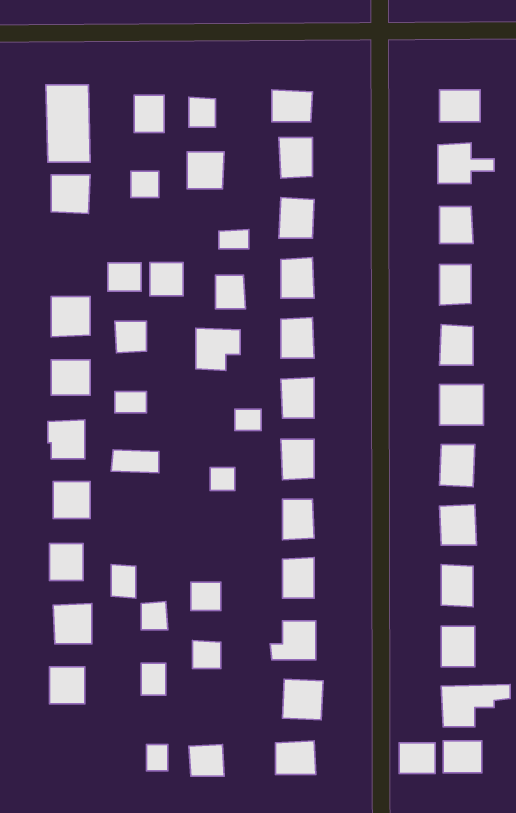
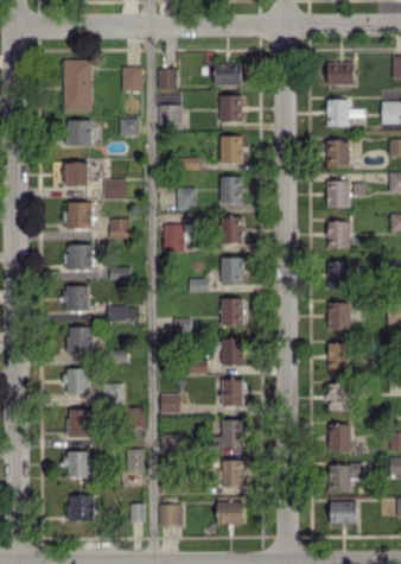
building: [150,262,183,296] -> [66,163,89,185]
building: none -> [69,495,94,520]
building: [399,743,435,774] -> none

